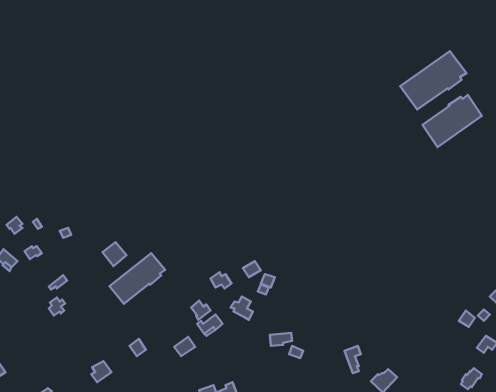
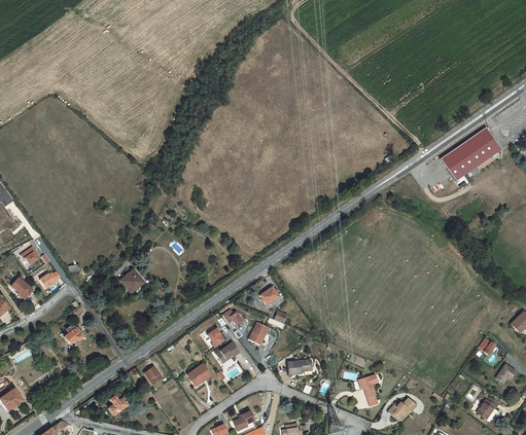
building: [400,51,466,110] -> none
building: [109,253,165,304] -> none

